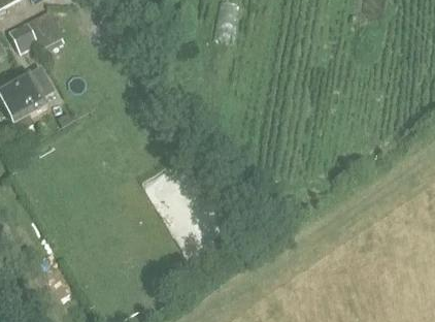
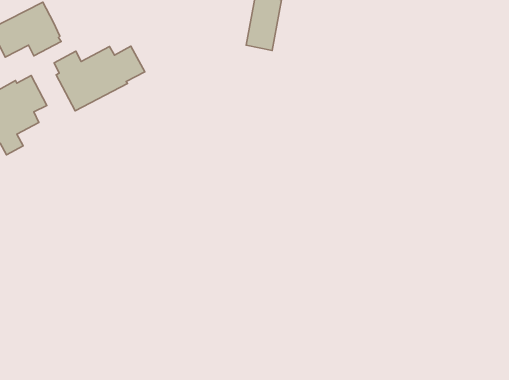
building: none -> [54,46,145,111]

